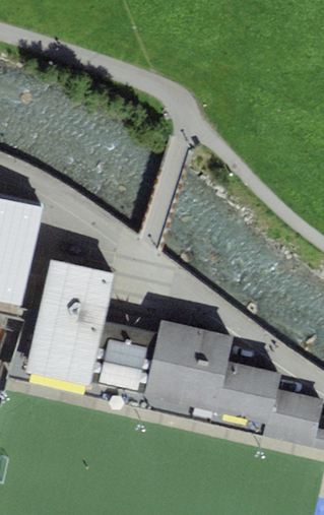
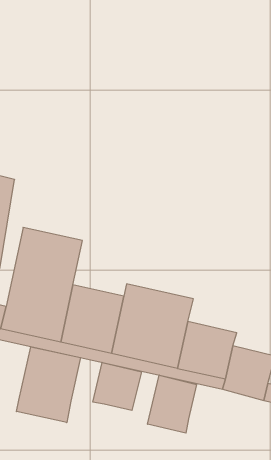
building: none -> [16,347,81,423]
building: none -> [93,362,141,410]
building: none -> [148,375,197,433]

